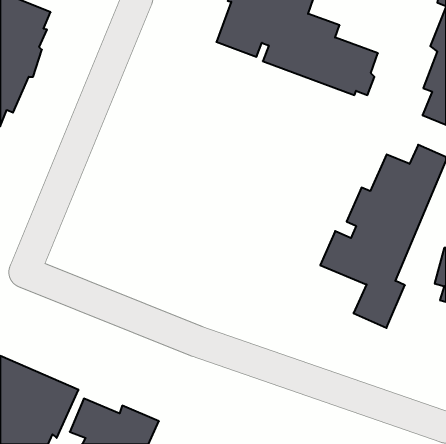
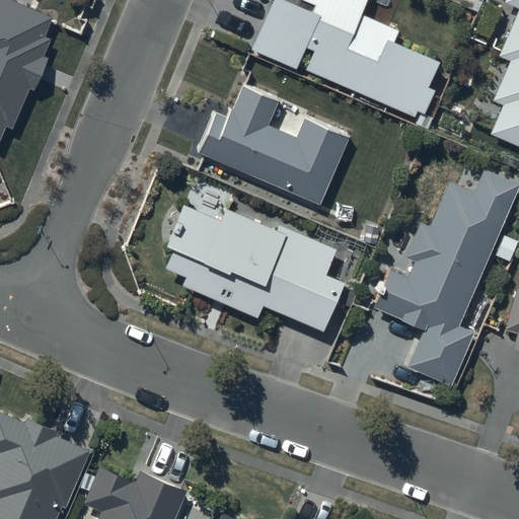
building: none -> [197,89,354,206]
building: none -> [165,206,347,333]

